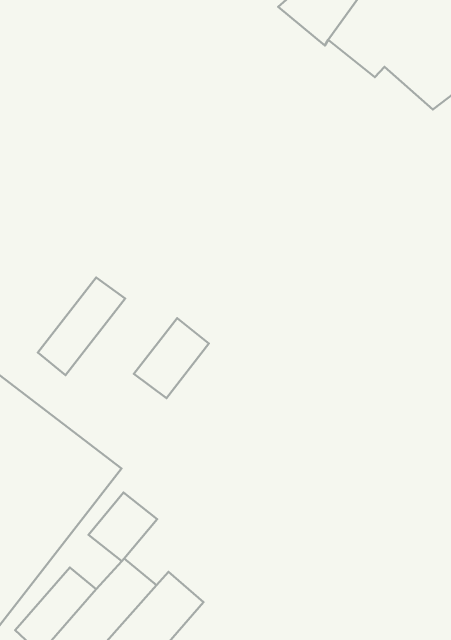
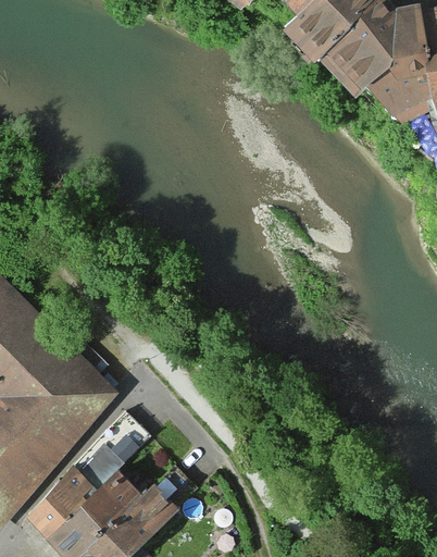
building: [38,277,125,375] -> none
building: [134,318,209,398] -> none

